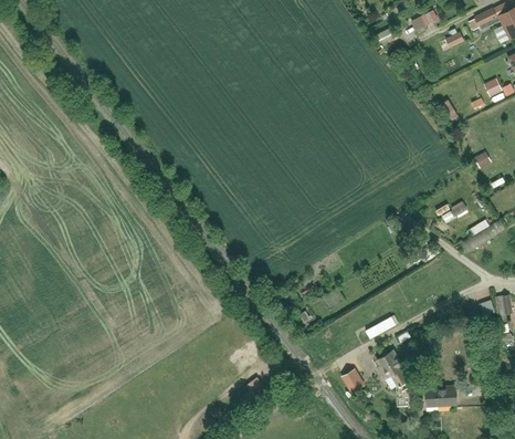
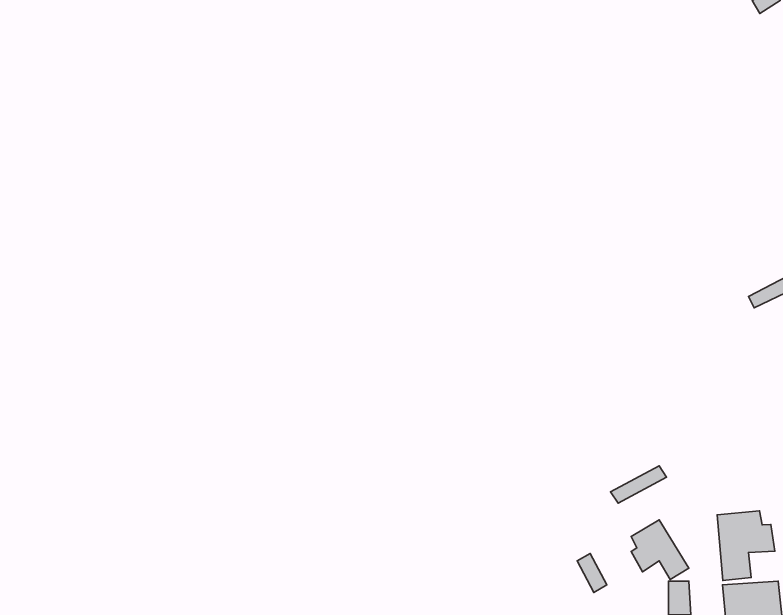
building: none -> [717,511,775,580]

